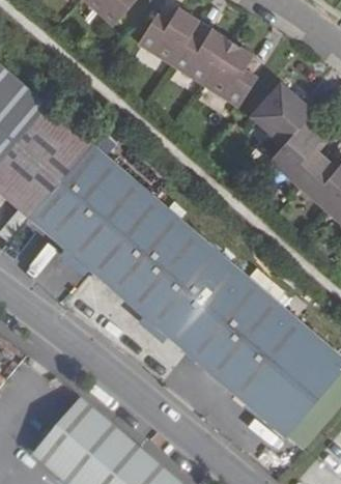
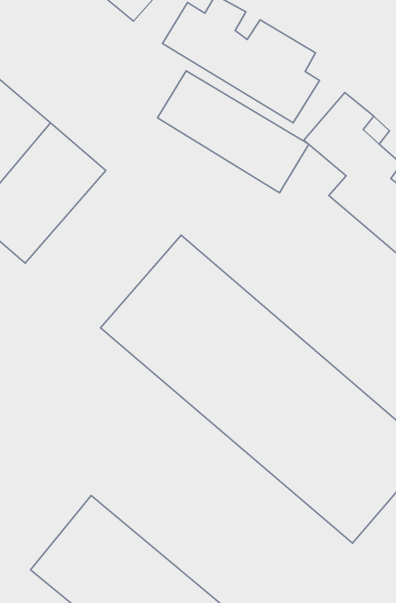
building: none -> [157,71,309,193]
building: [28,143,150,266] -> none

